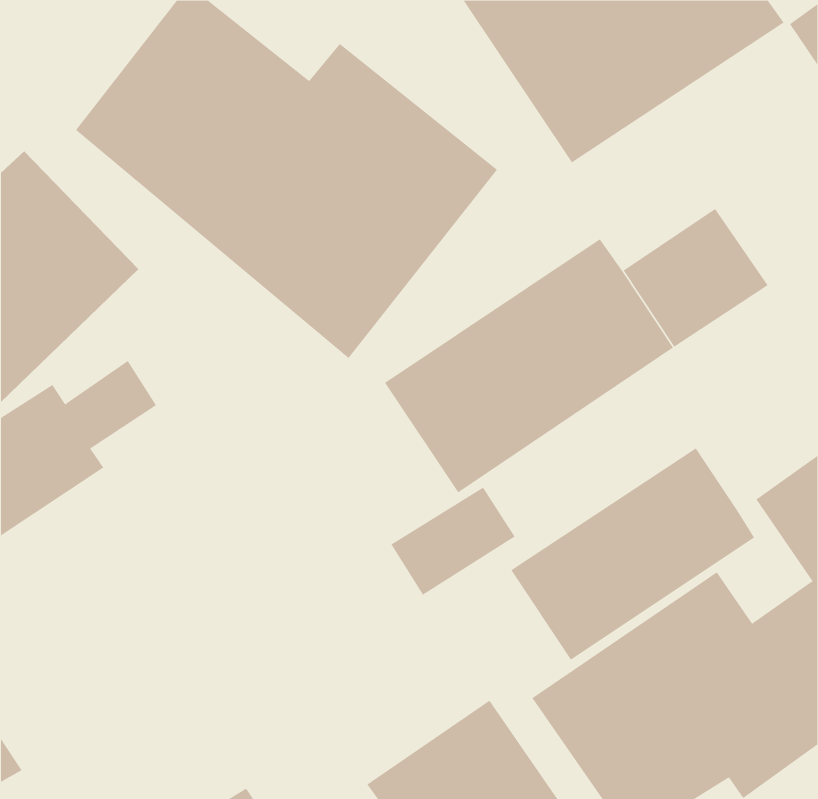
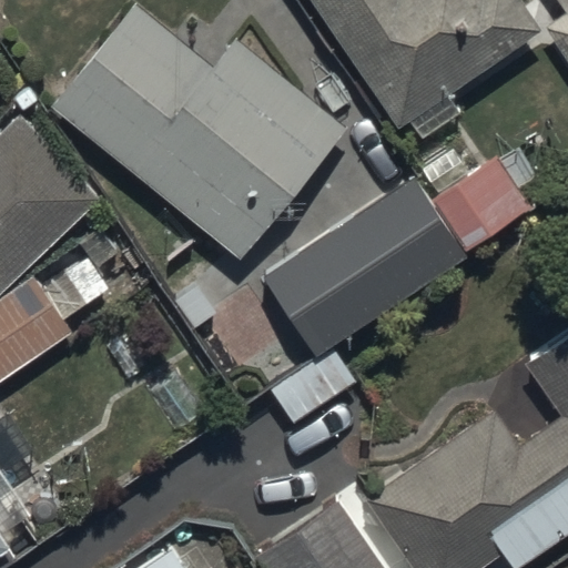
building: [510,448,755,660] -> none

